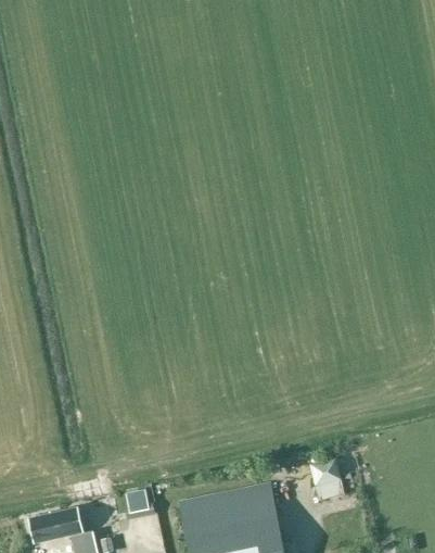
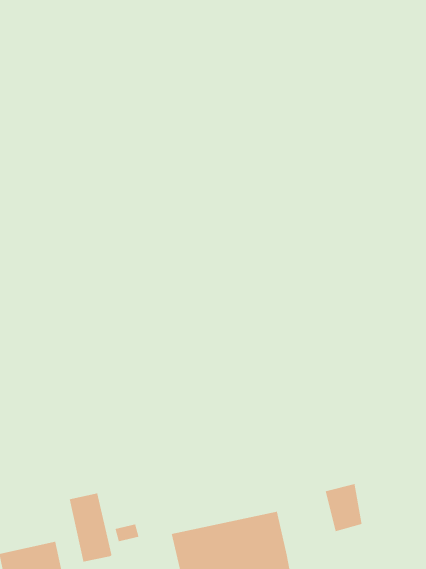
building: none -> [69,493,112,563]

